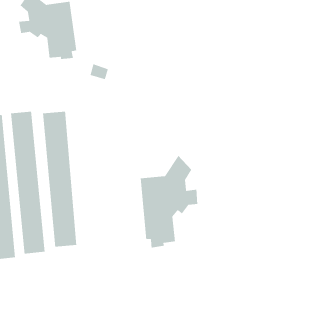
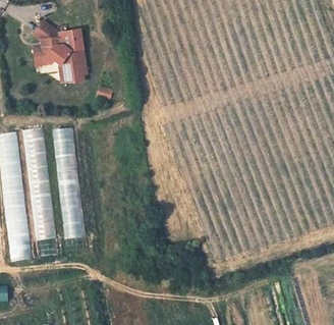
building: [140,155,198,248] -> none

